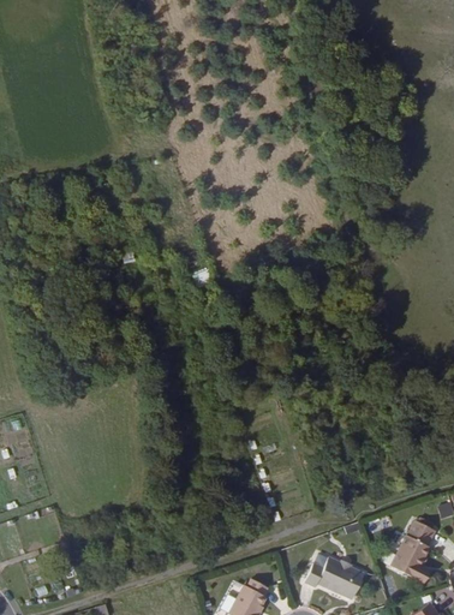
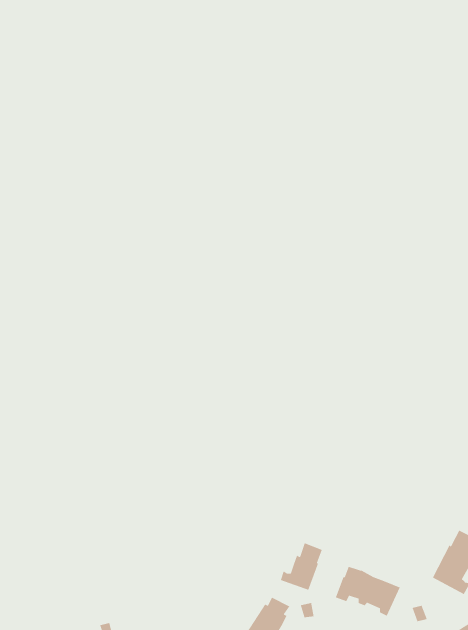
building: none -> [280,542,323,591]

